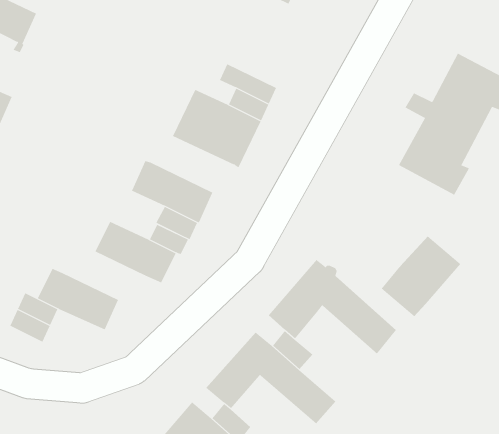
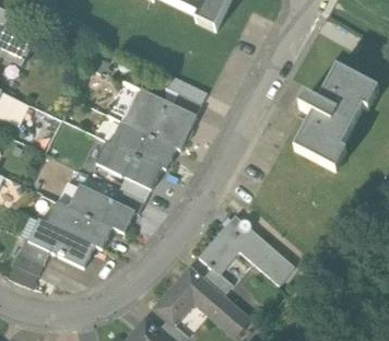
building: none -> [115,124,175,168]
building: [381,235,461,317] -> none
building: none -> [51,203,110,248]

